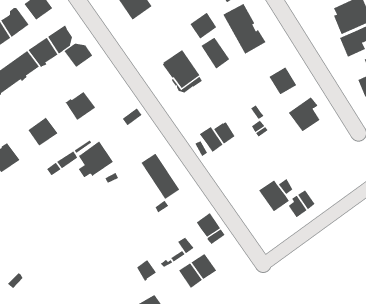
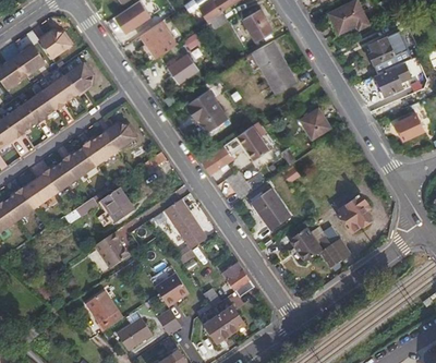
building: [190,12,217,39] -> [168,52,197,82]
building: [201,37,230,69] -> [237,124,268,159]
building: [64,43,93,68] -> [104,124,135,150]
building: [288,96,321,132] -> [336,194,371,232]
building: none -> [201,145,233,173]
building: none -> [62,146,96,178]
building: none -> [23,173,56,206]
building: none -> [251,187,291,230]
building: none -> [94,229,129,267]
building: none -> [154,274,190,310]
building: none -> [85,290,122,328]
building: none -> [116,316,152,350]

